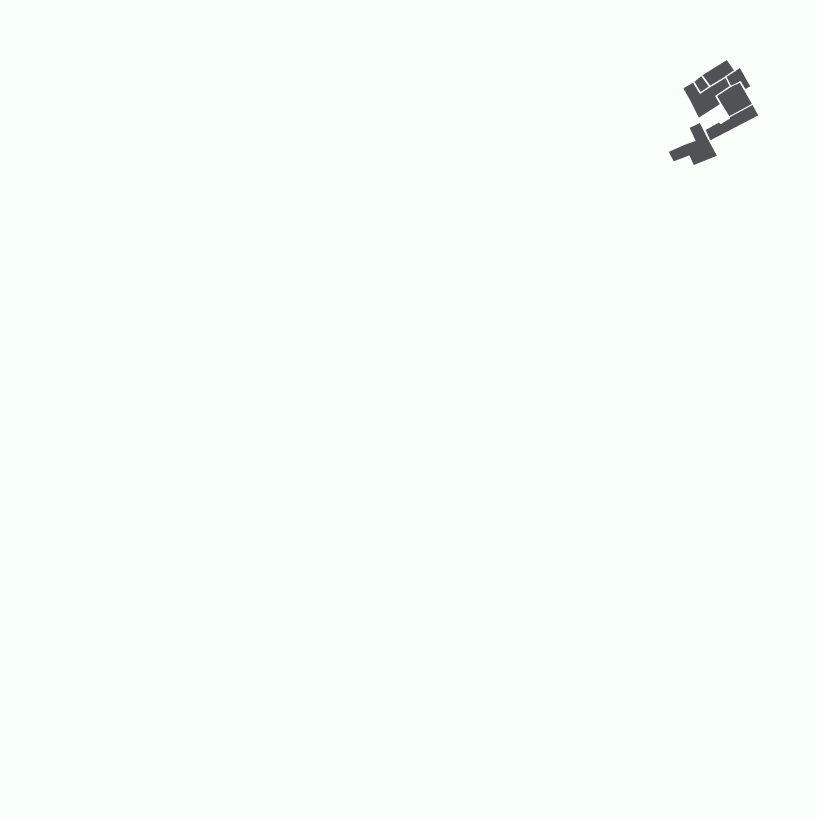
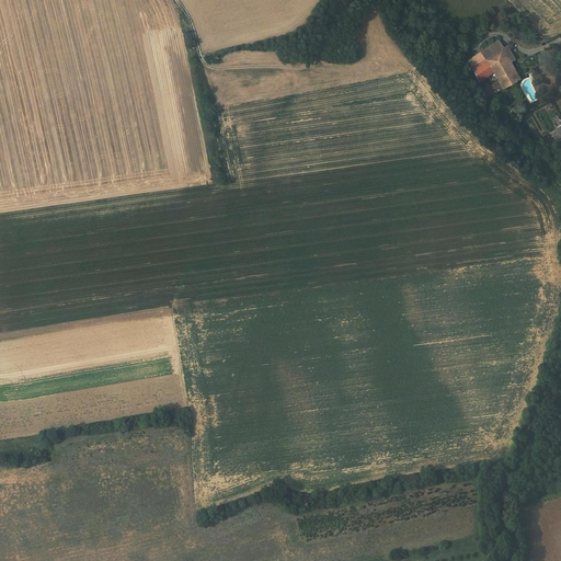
building: [668,122,718,166] -> none

